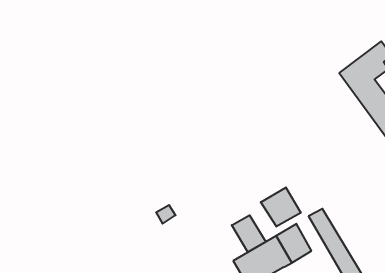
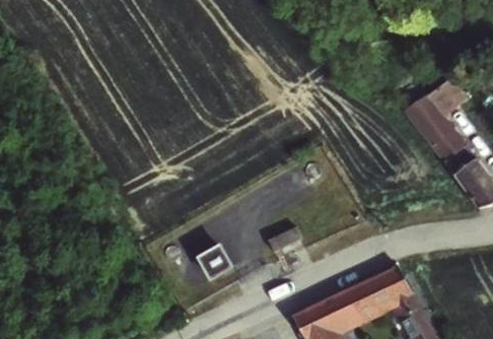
building: [261,187,301,227] -> none
building: [232,215,266,252] -> none

